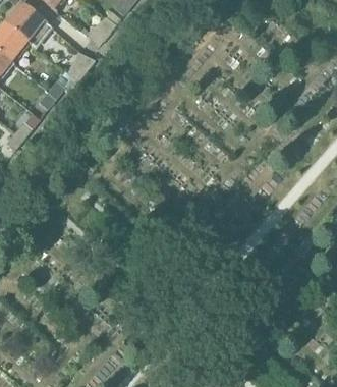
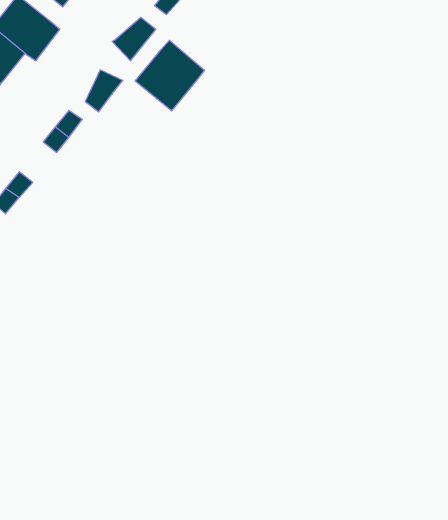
building: none -> [135,40,205,111]

